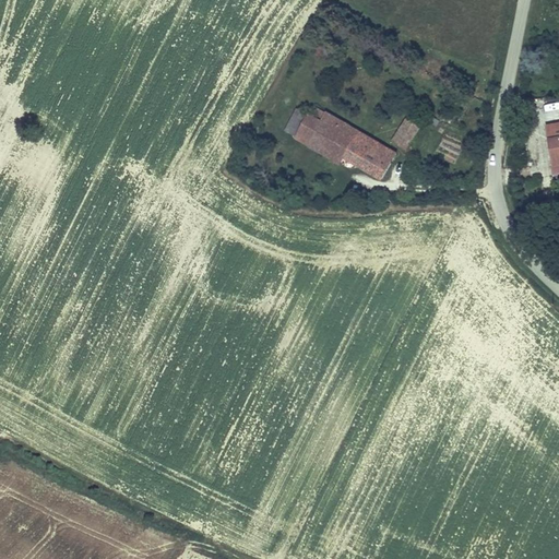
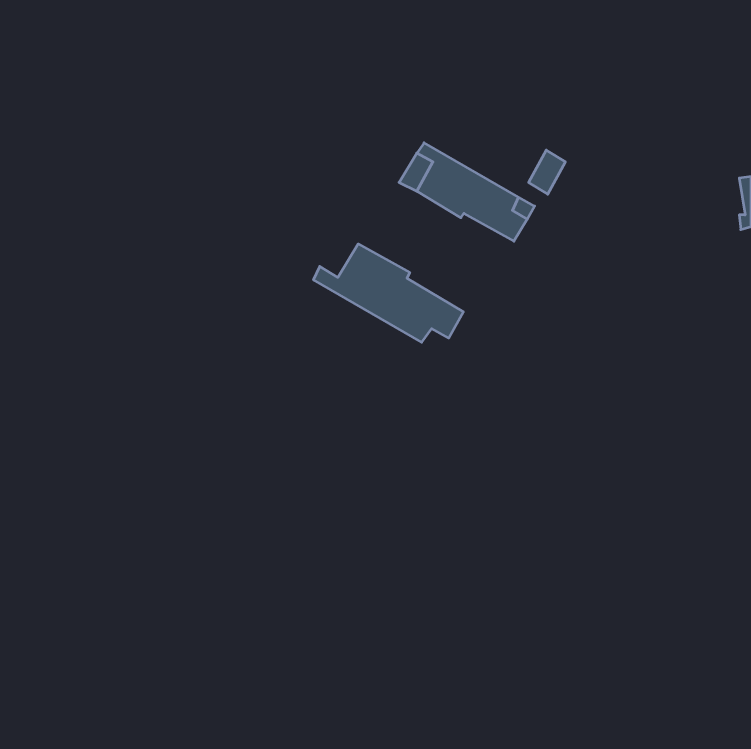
building: none -> [314,244,463,342]

